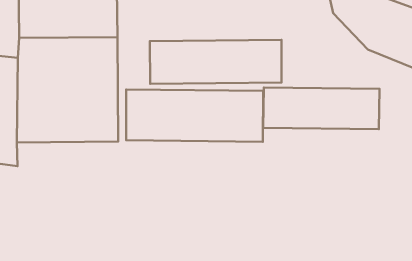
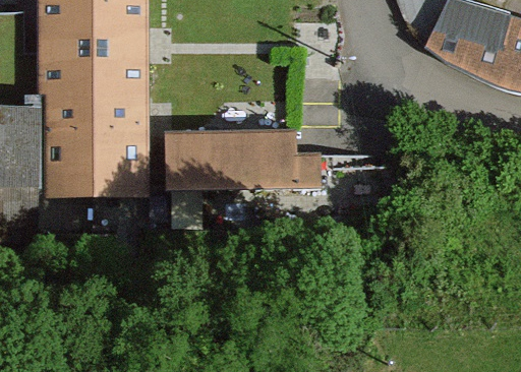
building: [150,40,282,84] -> none
building: [263,87,379,129] -> none

